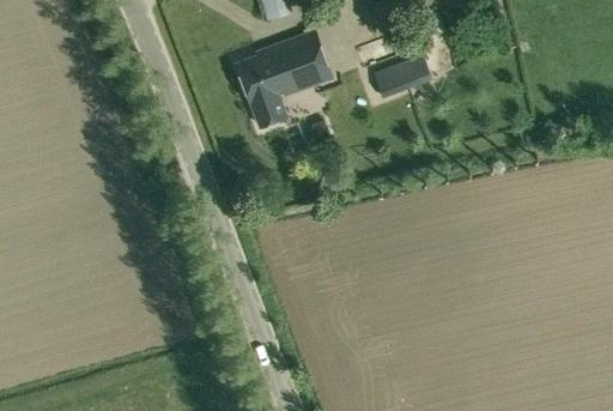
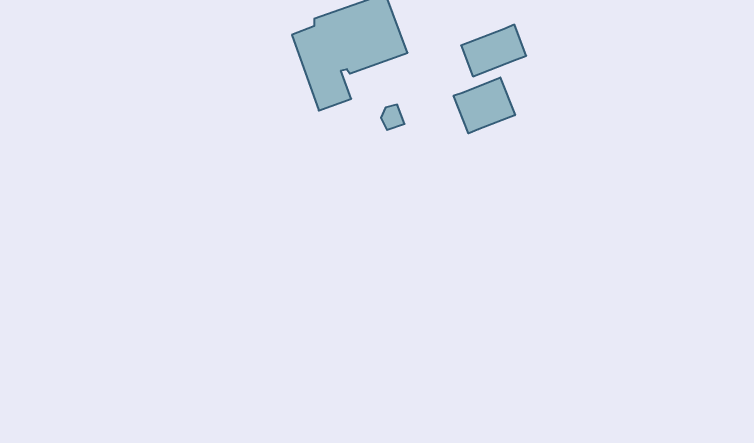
building: none -> [454,77,515,133]

